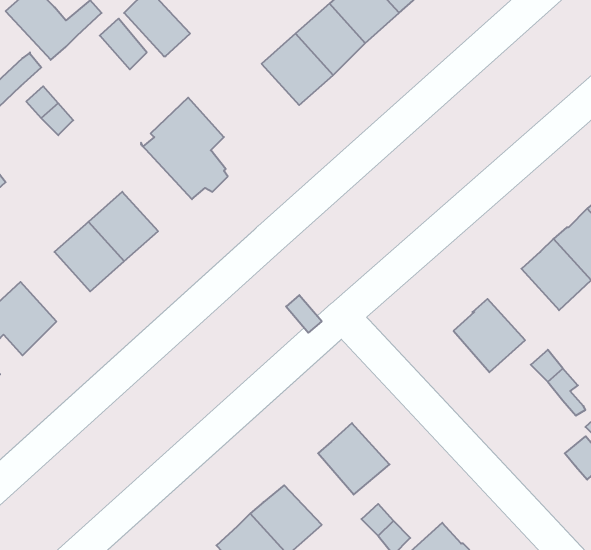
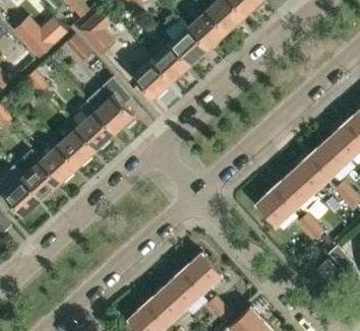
building: none -> [133,59,173,98]
building: none -> [77,103,115,149]
building: none -> [22,153,60,198]
building: none -> [275,170,313,208]
building: none -> [165,269,202,308]

